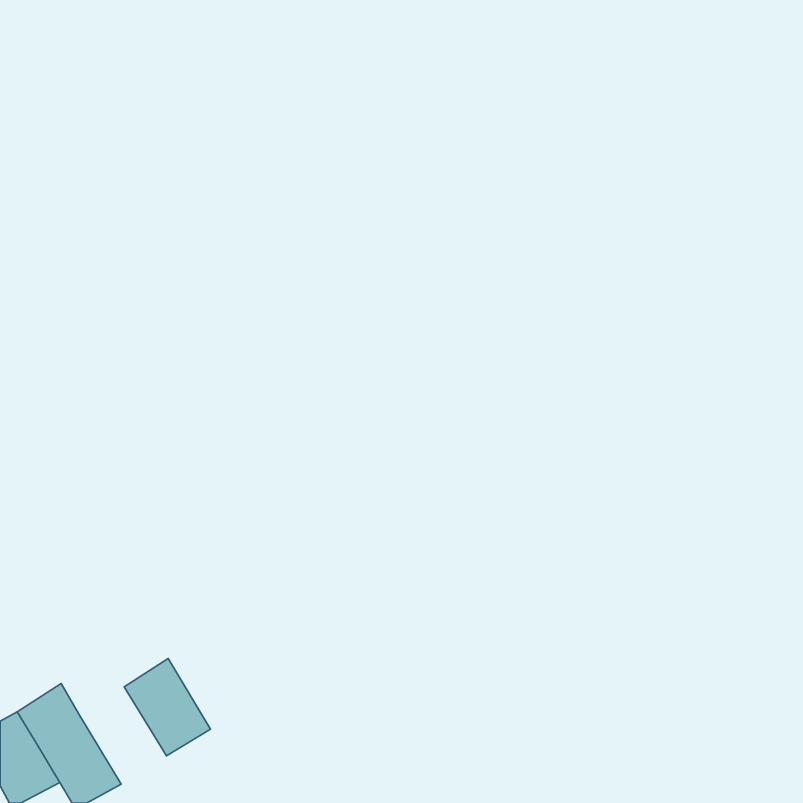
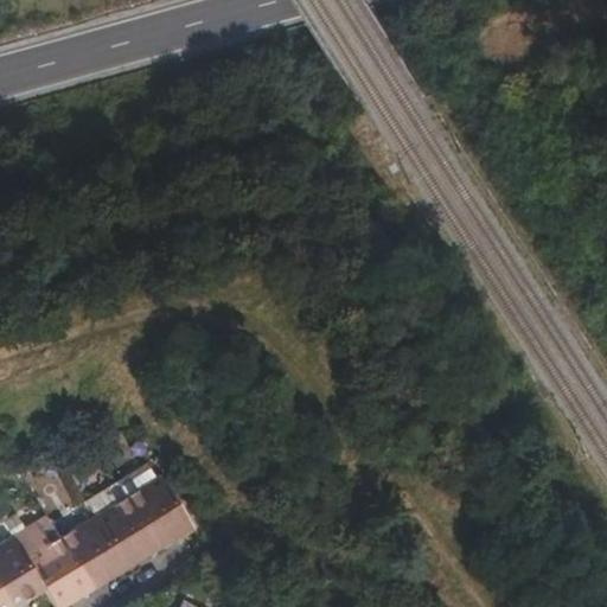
building: none -> [127,475,193,550]
building: none -> [59,518,126,592]

